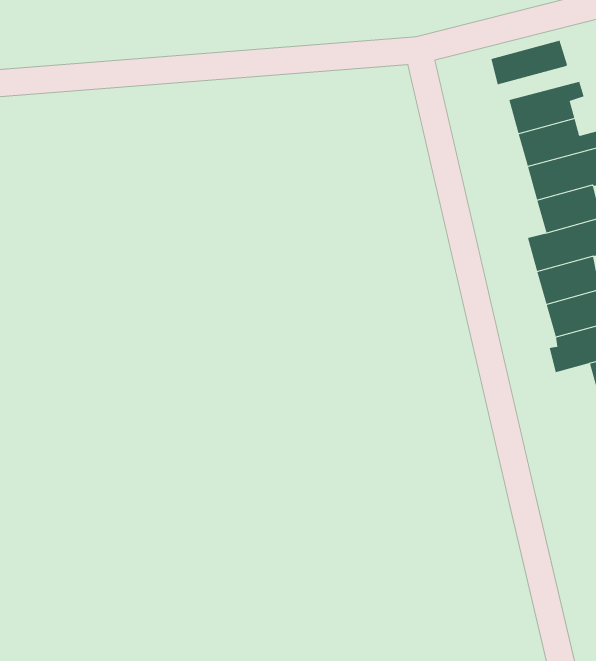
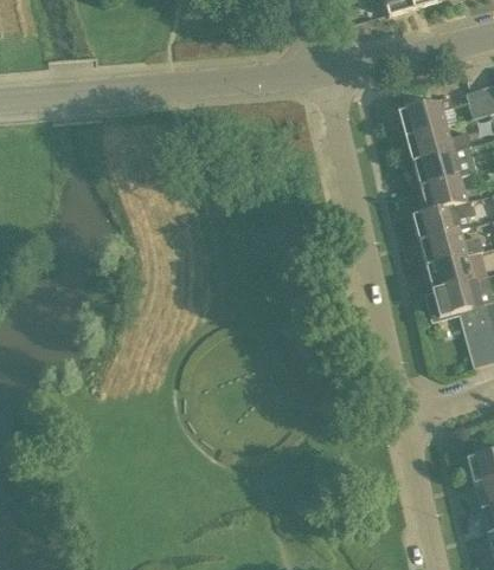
building: [491,40,568,85] -> none

